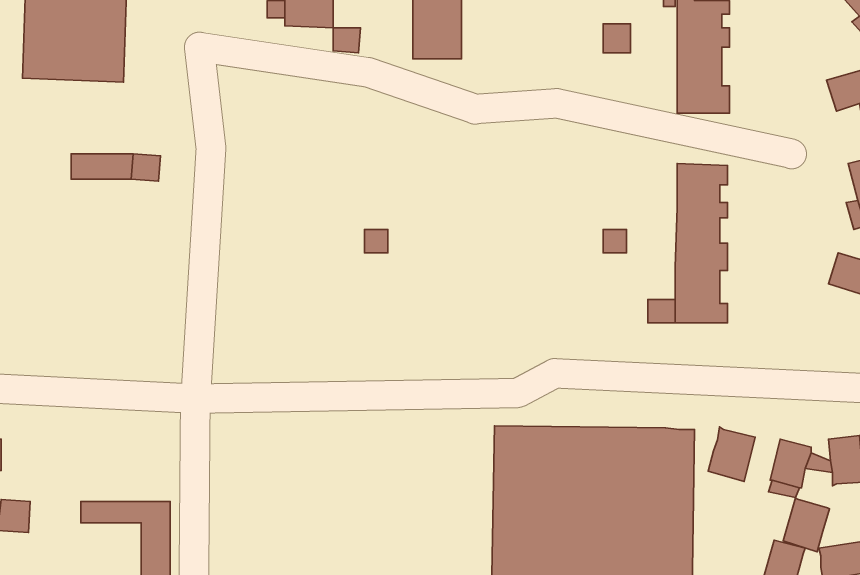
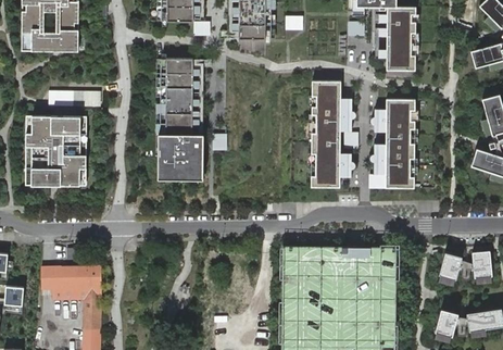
building: none -> [154,60,203,179]
building: none -> [311,82,340,188]
building: none -> [24,117,85,188]
building: [708,427,755,481] -> none
building: none -> [39,266,102,288]
building: [783,498,829,552] -> none

